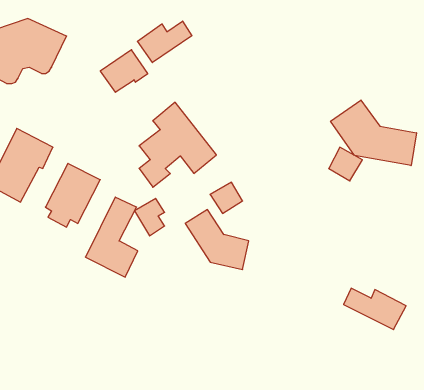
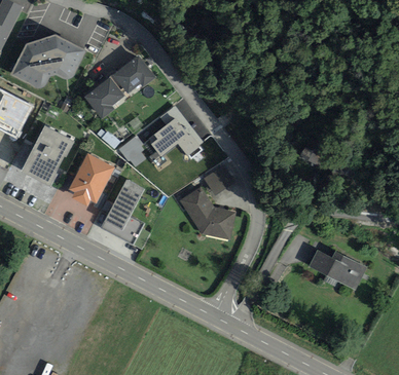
building: [137,21,192,63] -> none
building: none -> [87,76,125,117]
building: [331,100,416,166] -> none
building: [135,198,165,236] -> [121,138,146,168]

